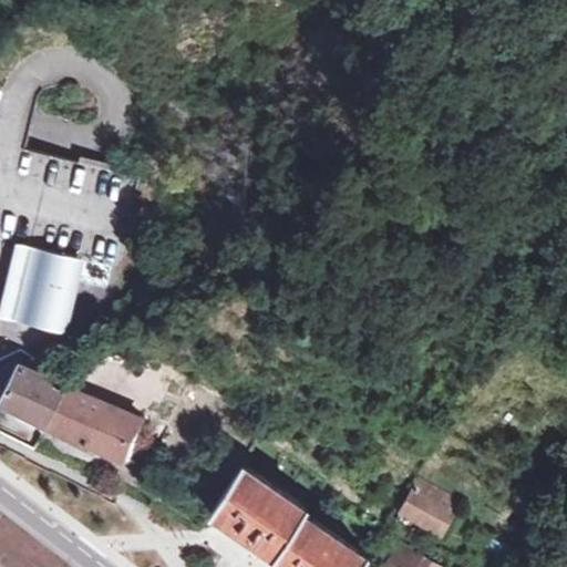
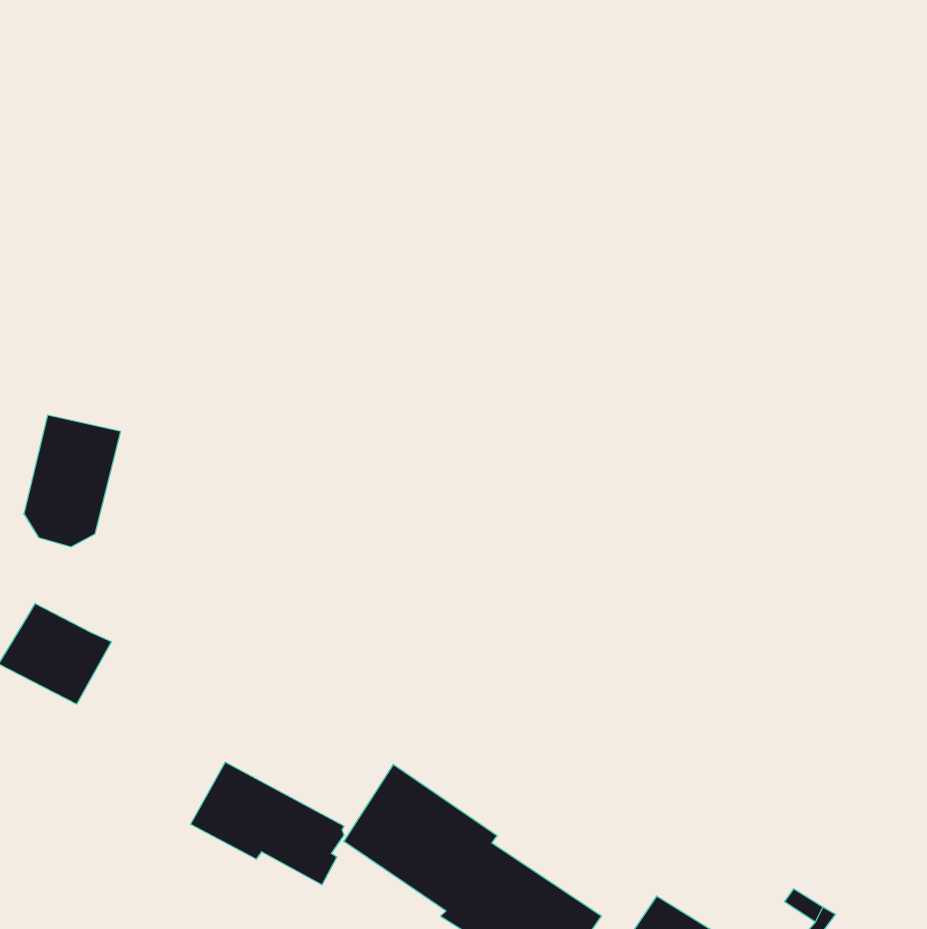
building: [47,392,140,466] -> [191,762,344,885]
building: [398,494,446,534] -> none

